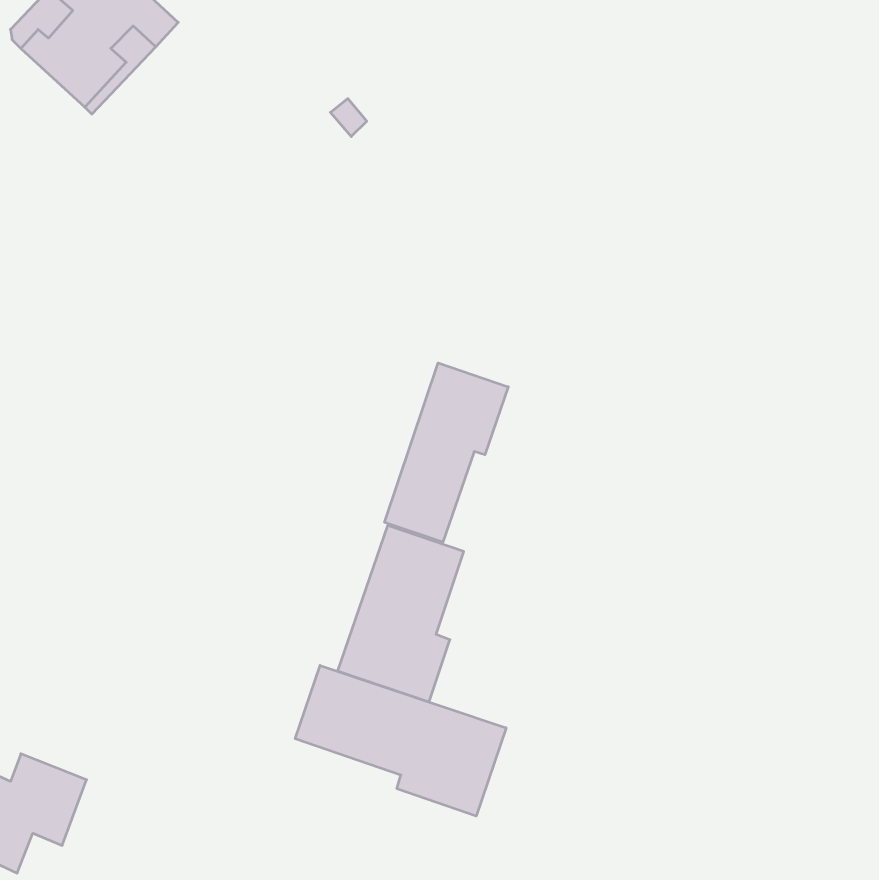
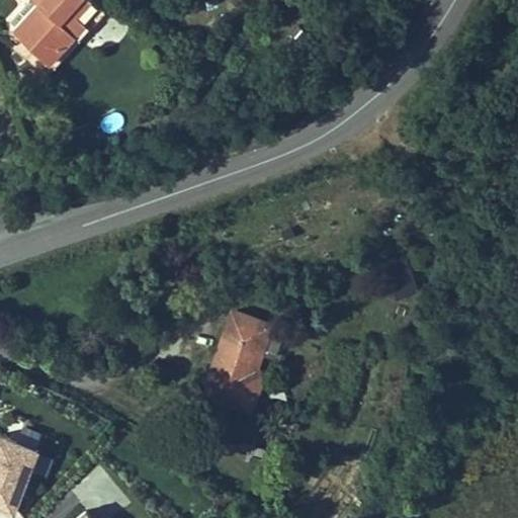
building: [385,363,508,542] -> none
building: [295,665,506,816] -> none

